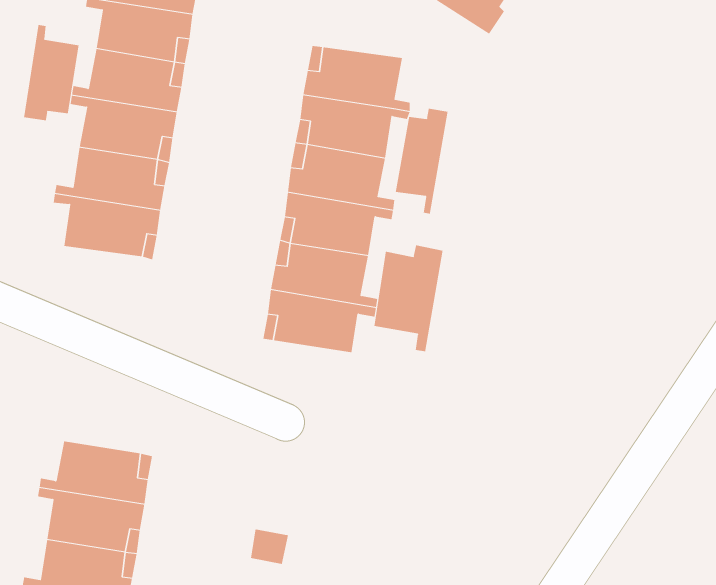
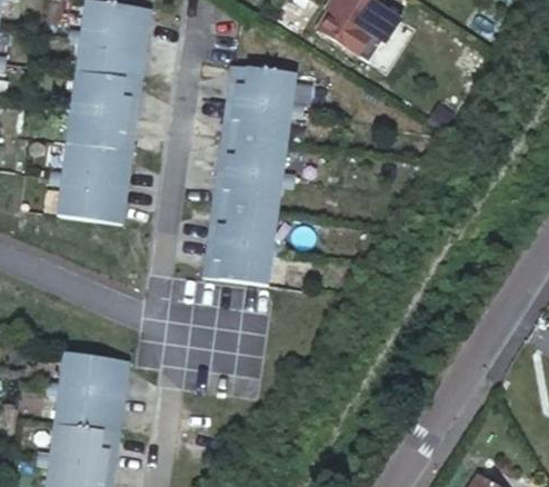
building: [23,24,79,121] -> none
building: [395,108,448,214] -> none
building: [374,245,443,352] -> none

